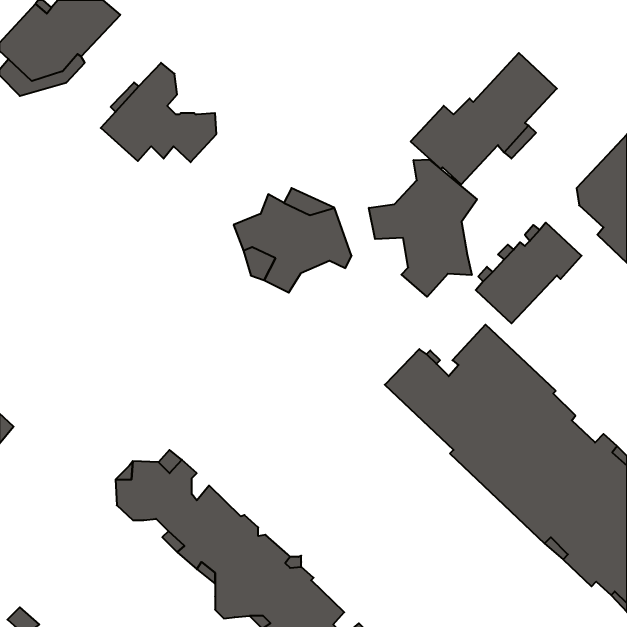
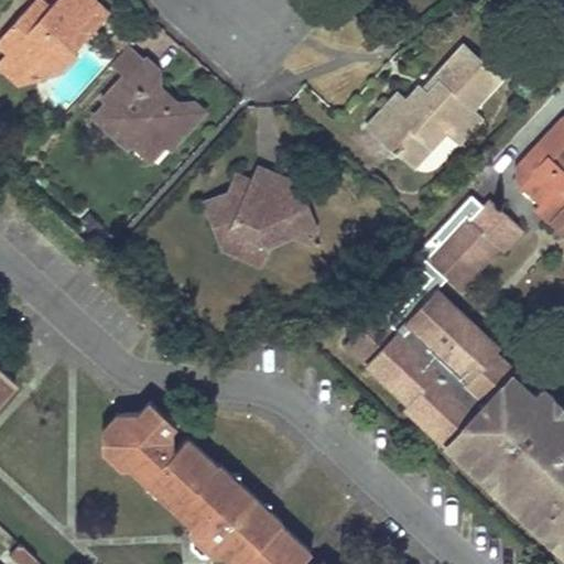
building: none -> [123,132,171,170]
building: [369,159,477,297] -> none

